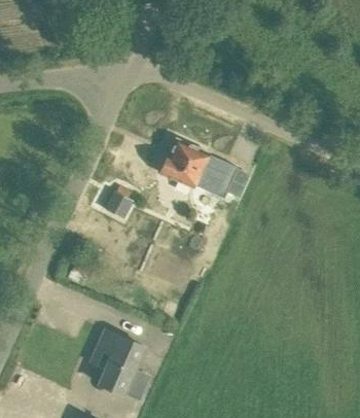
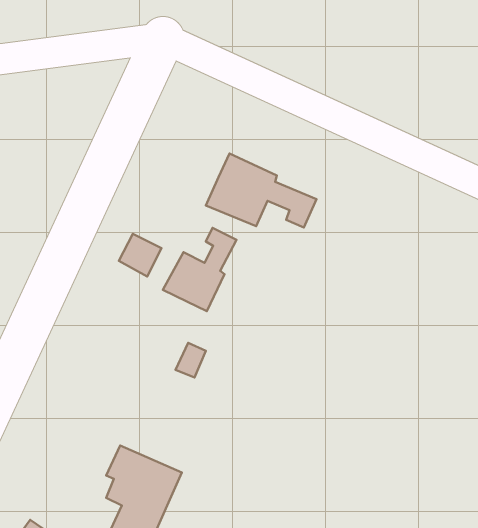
building: none -> [163,228,236,311]

